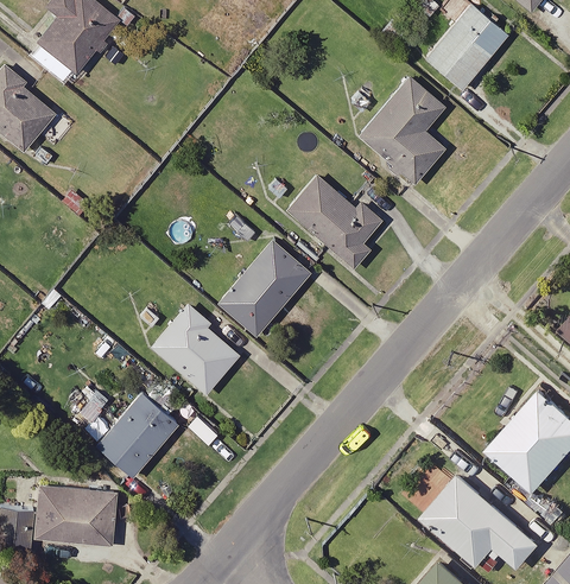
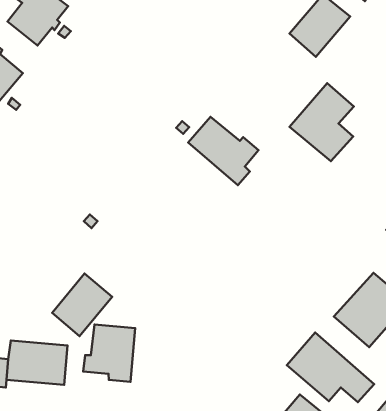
building: [356,76,445,184] -> [290,83,354,161]
building: [216,239,311,337] -> none
building: [148,303,240,395] -> none
building: none -> [83,324,135,382]

